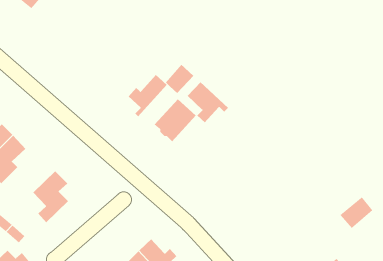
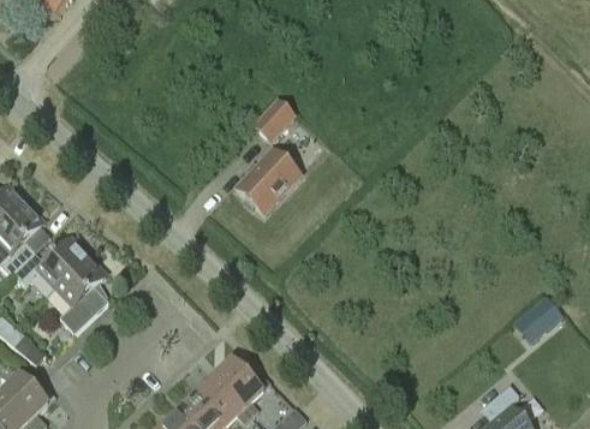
building: [128,74,168,117] -> none
building: [187,81,229,123] -> none
building: none -> [13,238,89,288]

